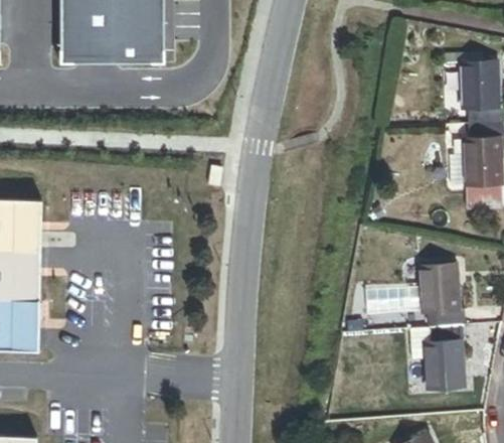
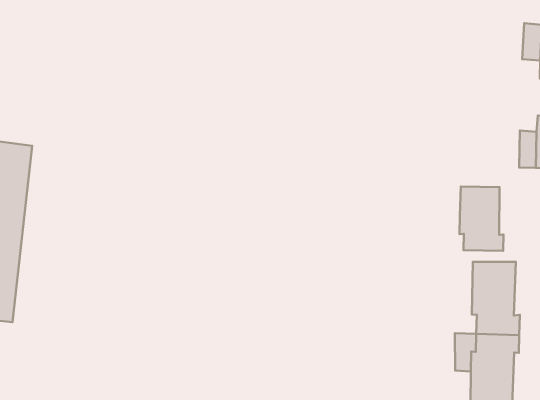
building: none -> [459,186,504,251]

